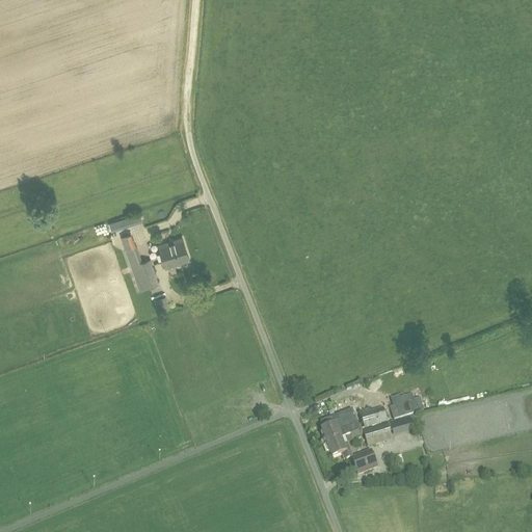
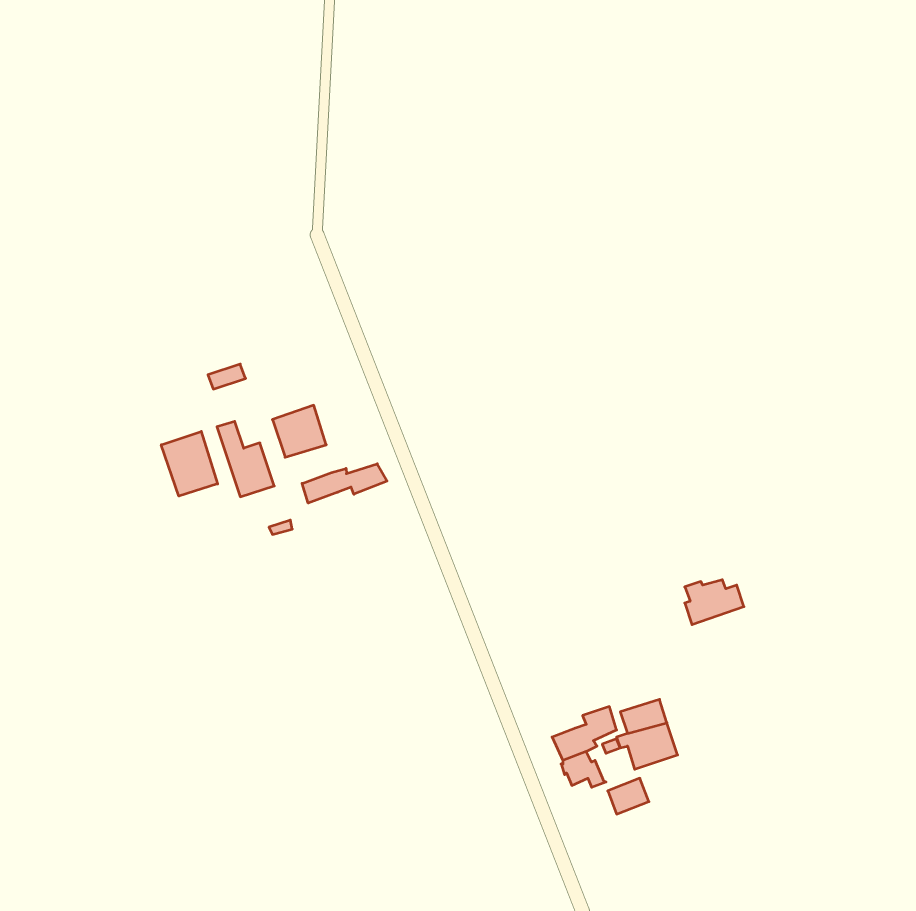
building: none -> [161,431,218,496]
building: none -> [302,464,387,503]
building: [390,391,424,417] -> [685,580,744,625]

